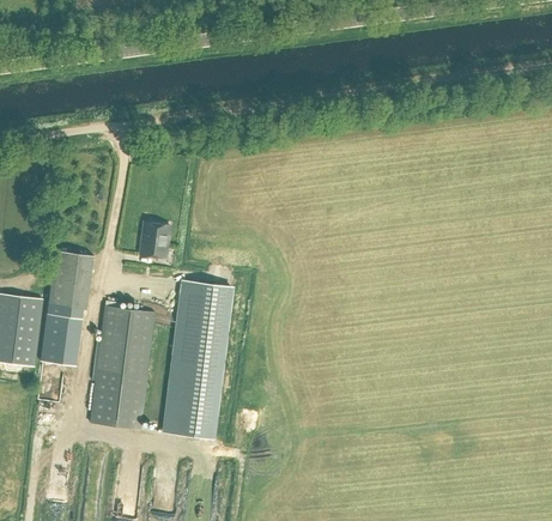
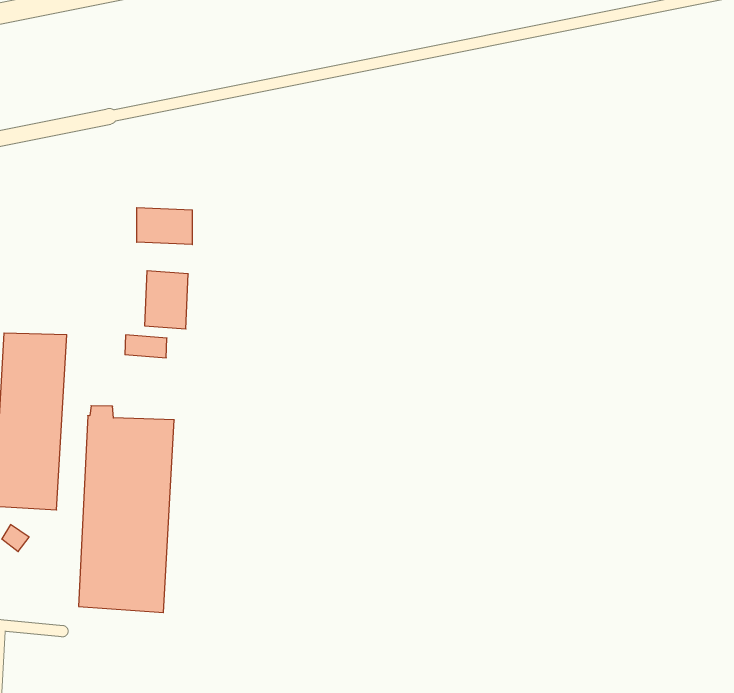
building: none -> [137,208,192,245]
building: [164,281,231,437] -> none

